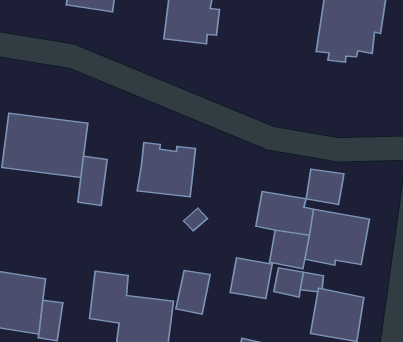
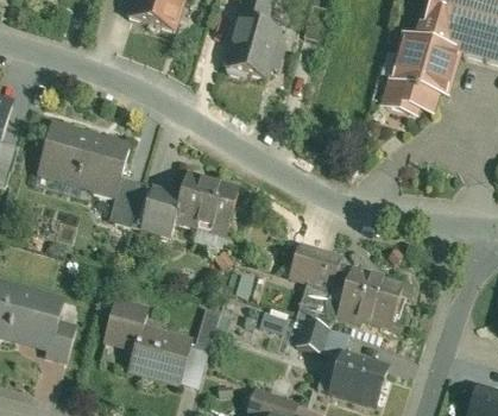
building: none -> [140,185,181,233]
building: [306,169,344,205] -> none

